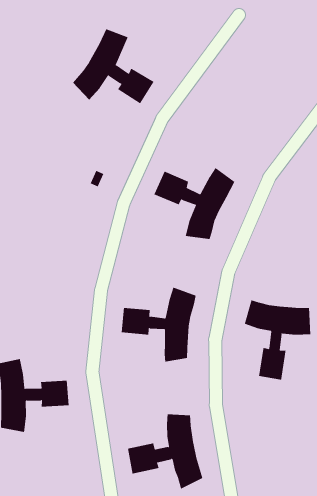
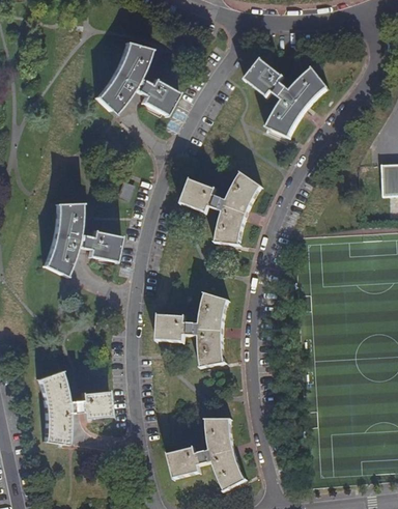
building: none -> [247,59,329,136]
building: none -> [44,202,120,275]
building: [244,299,311,380] -> none

